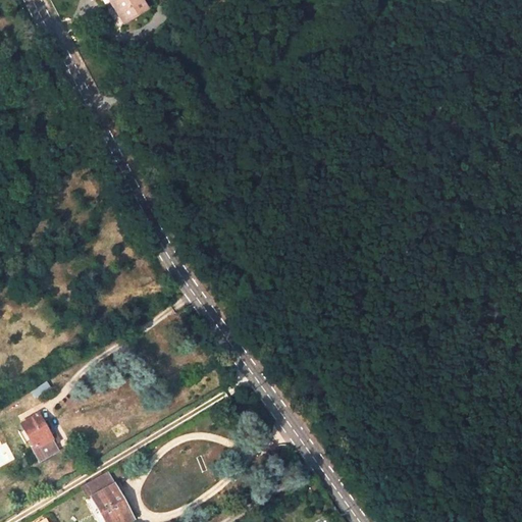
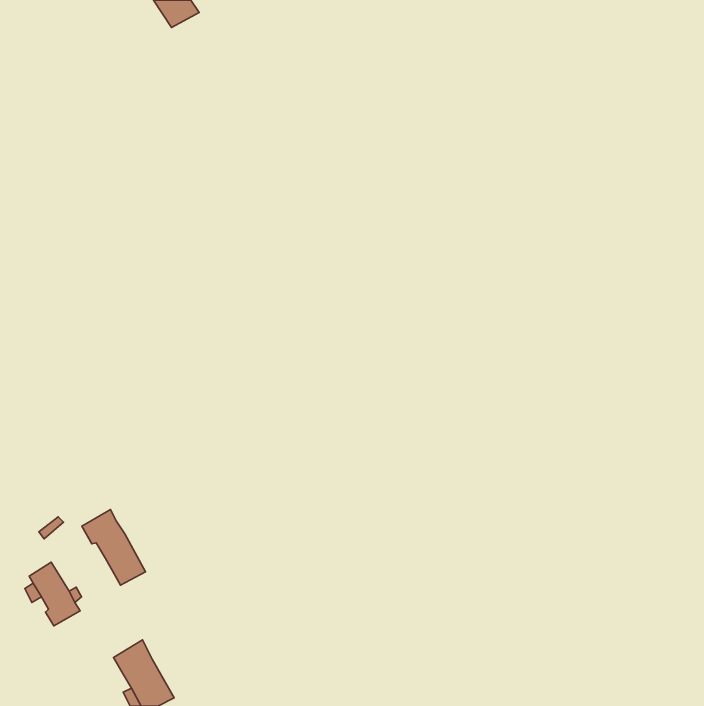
building: none -> [82,510,145,585]

